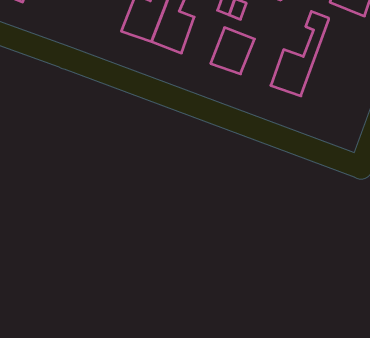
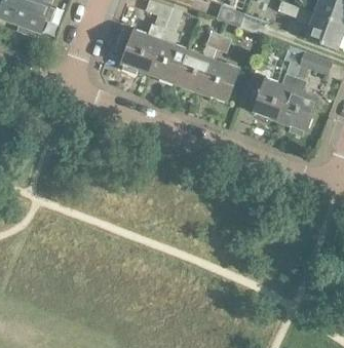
building: none -> [174,50,212,91]
building: none -> [279,52,331,136]

